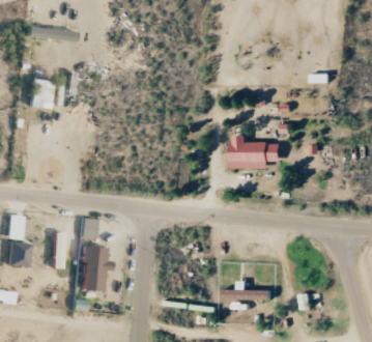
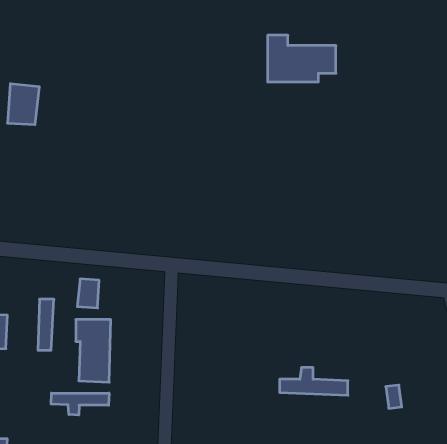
building: [234,135,283,168] -> [268,35,336,82]
building: none -> [51,393,109,415]

